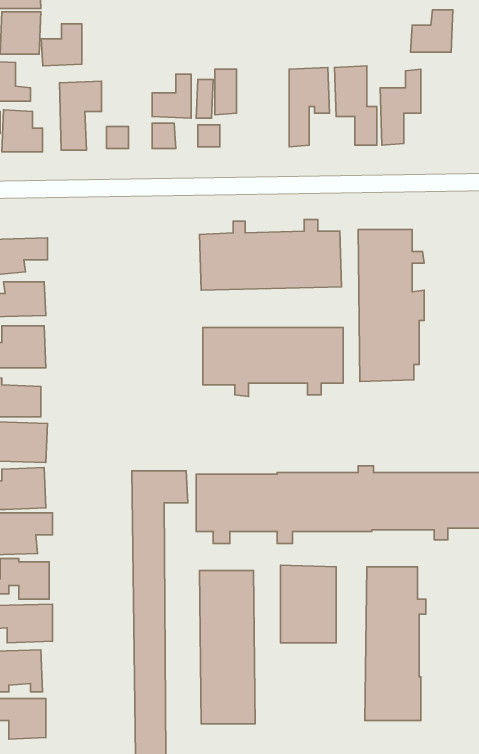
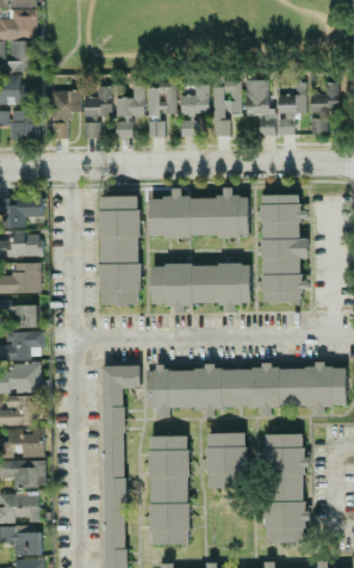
building: [411,10,453,52] -> [309,82,339,112]
building: [41,24,82,66] -> [82,86,111,116]
building: none -> [180,85,209,136]
building: none -> [99,196,141,304]

